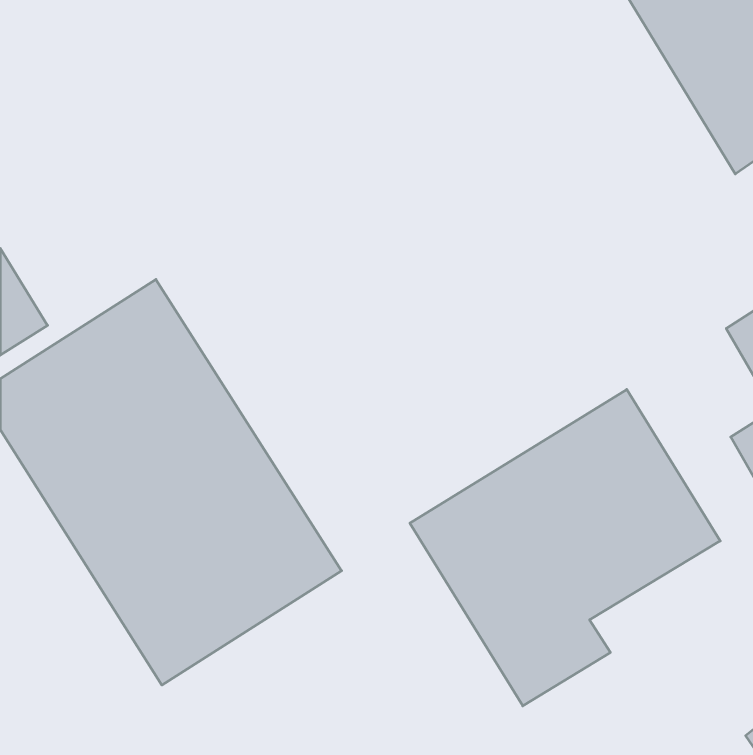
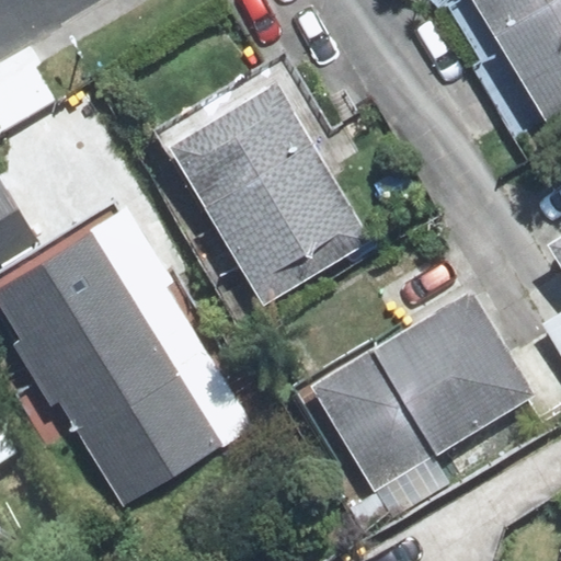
building: none -> [163,78,373,307]

